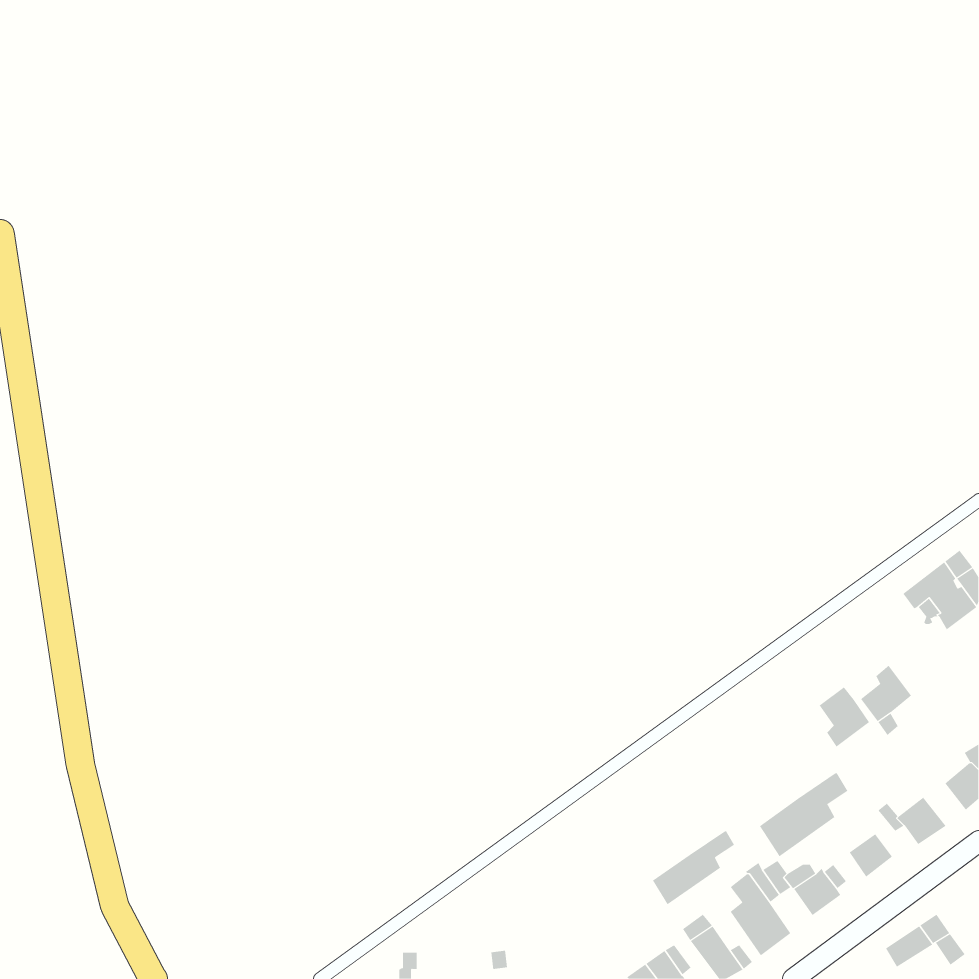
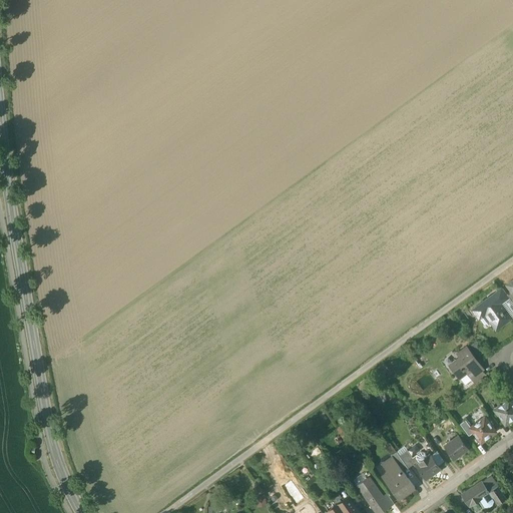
building: [819,686,870,747] -> none
building: [759,772,848,857] -> none
building: [652,830,735,905] -> none

